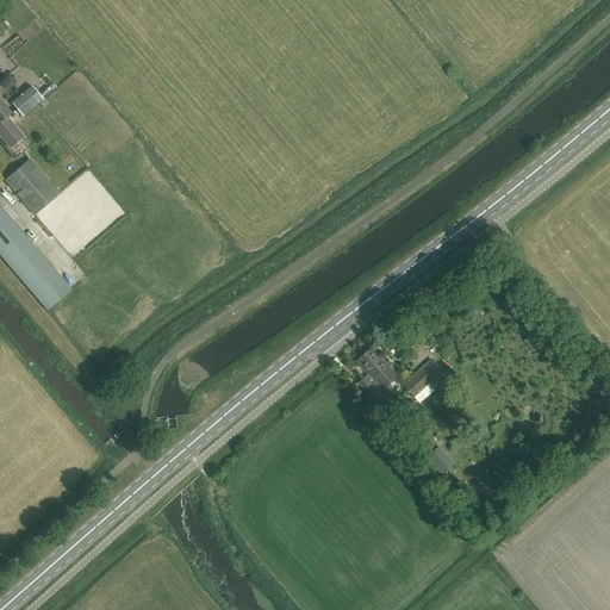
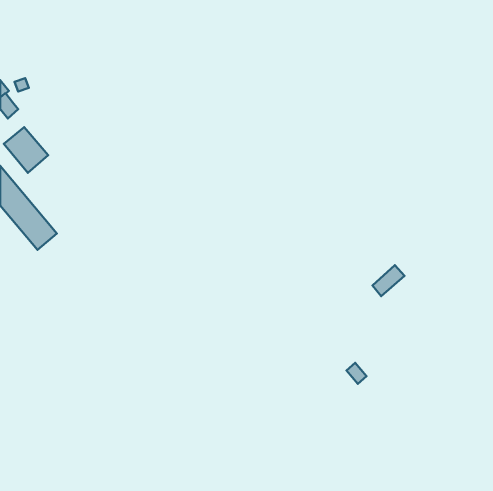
building: [357,346,398,397] -> none
building: [404,357,443,396] -> [373,265,404,296]

